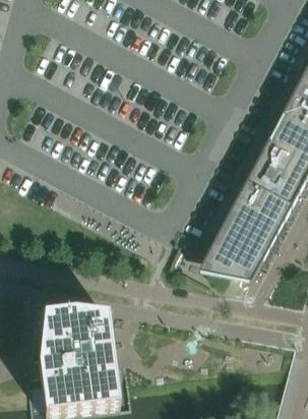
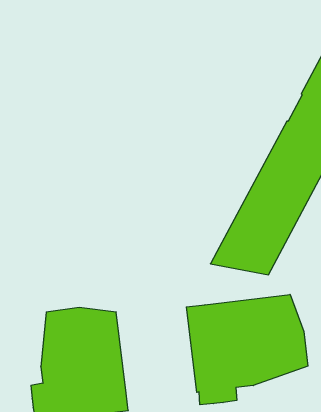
building: none -> [186,294,308,405]

